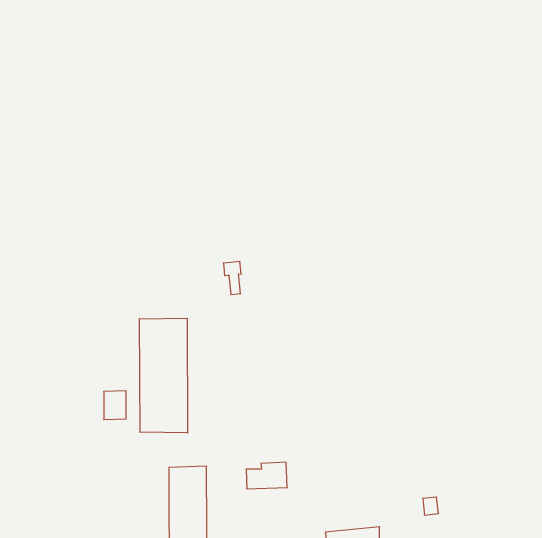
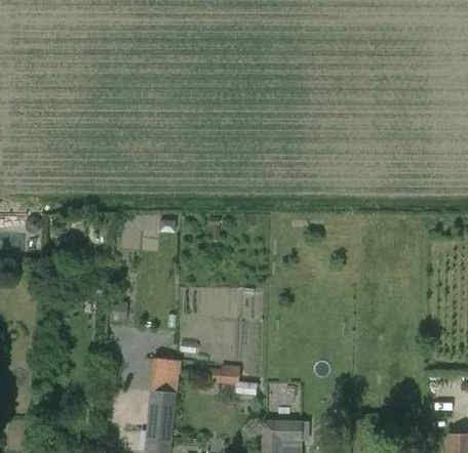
building: [139,318,188,433] -> none

